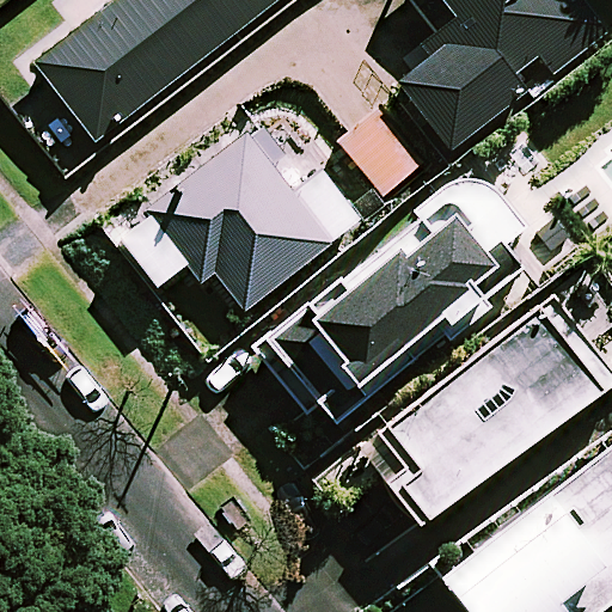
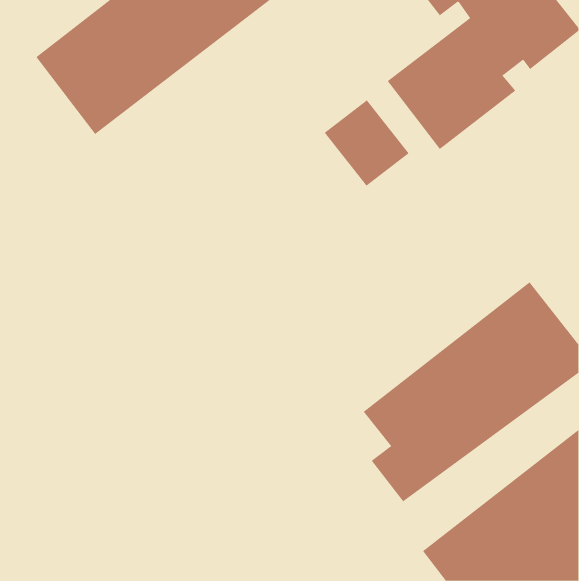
building: [149,131,366,308] -> none
building: [253,214,495,422] -> none

